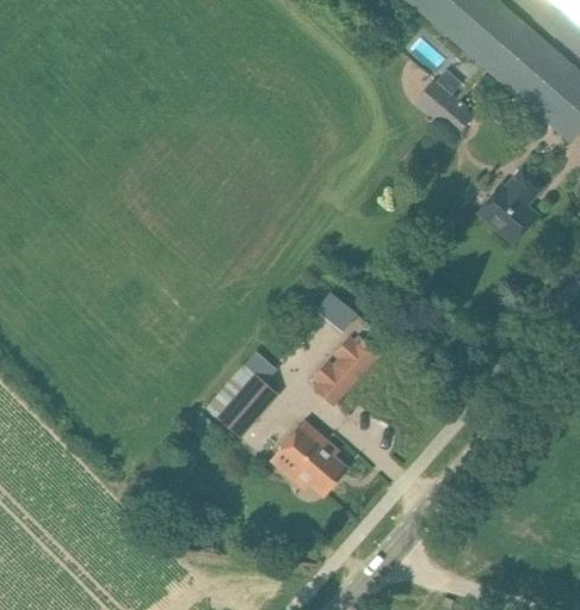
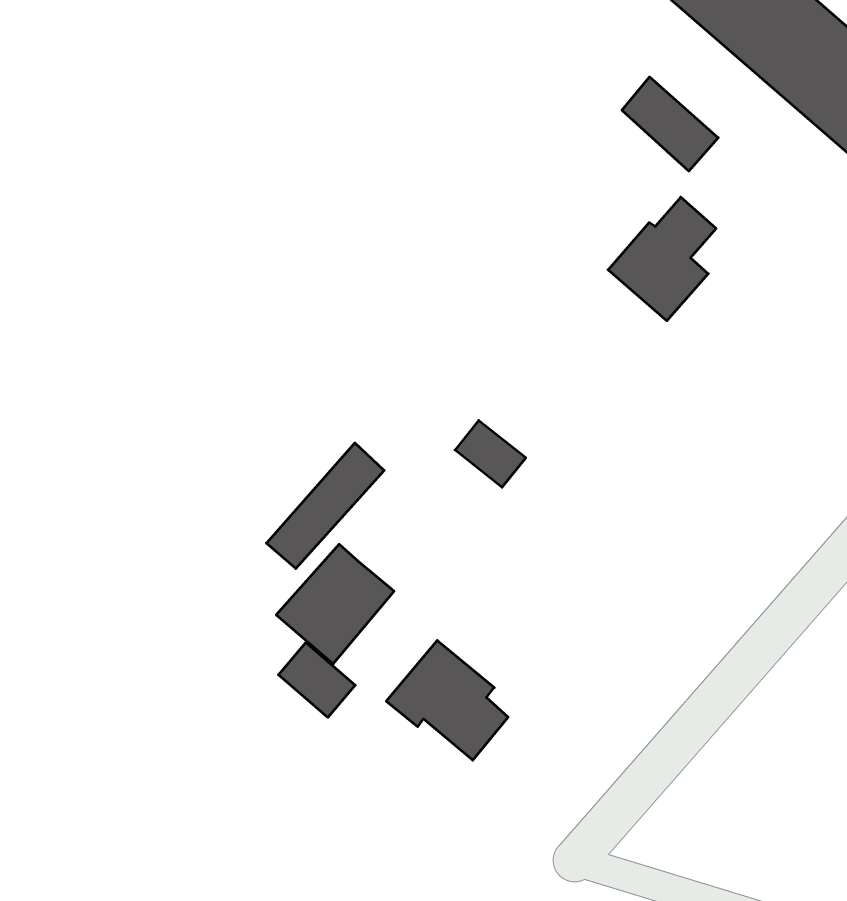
building: [477,167,543,242] -> [608,197,716,321]
building: [314,326,385,402] -> [266,443,384,569]
building: none -> [278,643,355,717]

